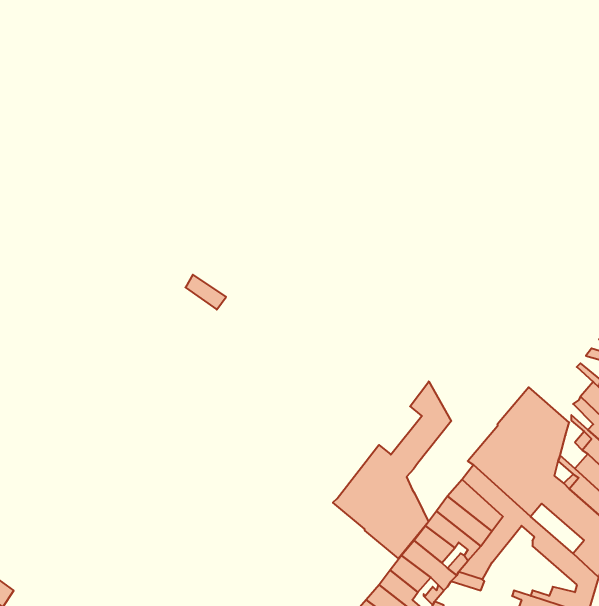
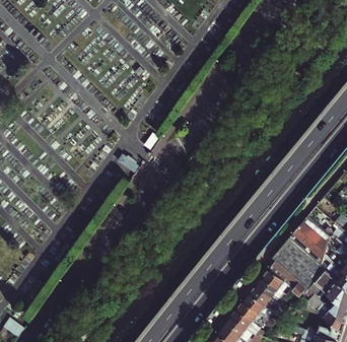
building: [333,381,451,558] -> none

